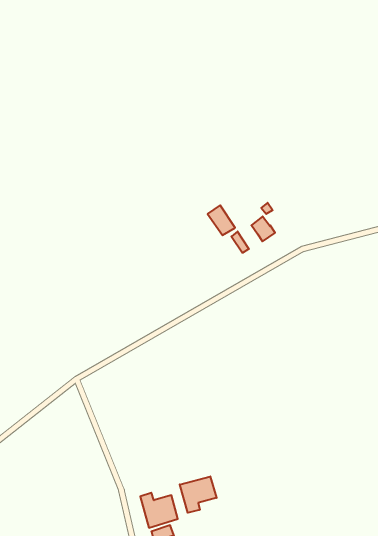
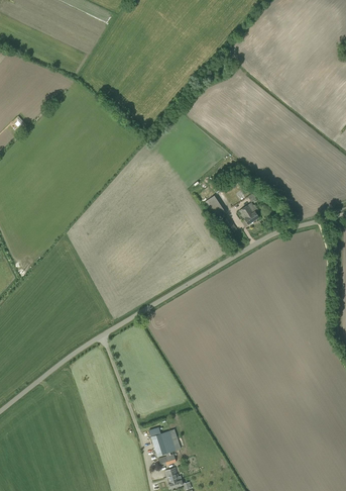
building: [180,476,217,513] -> none

